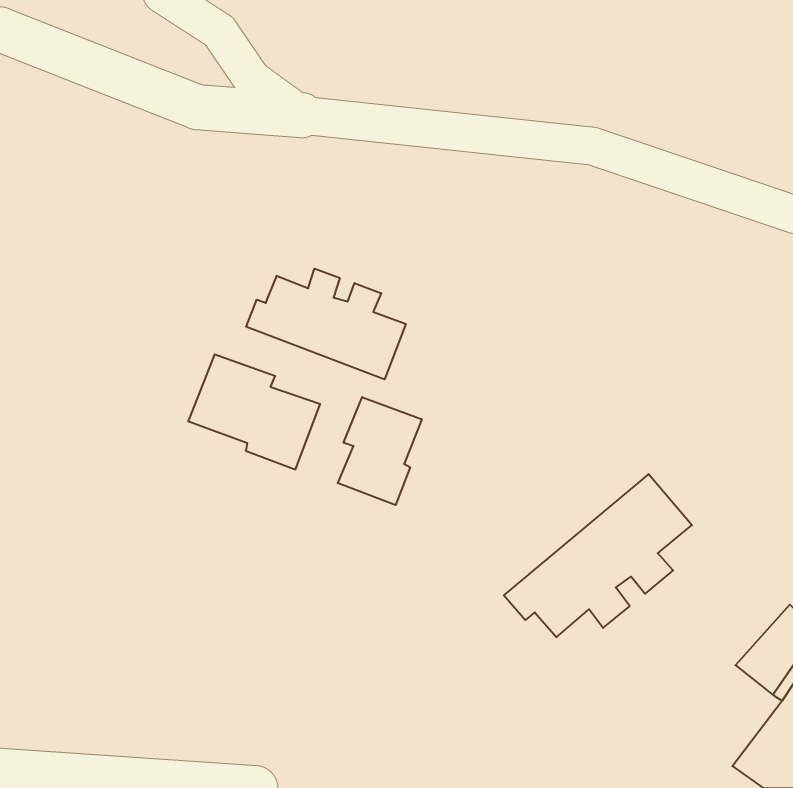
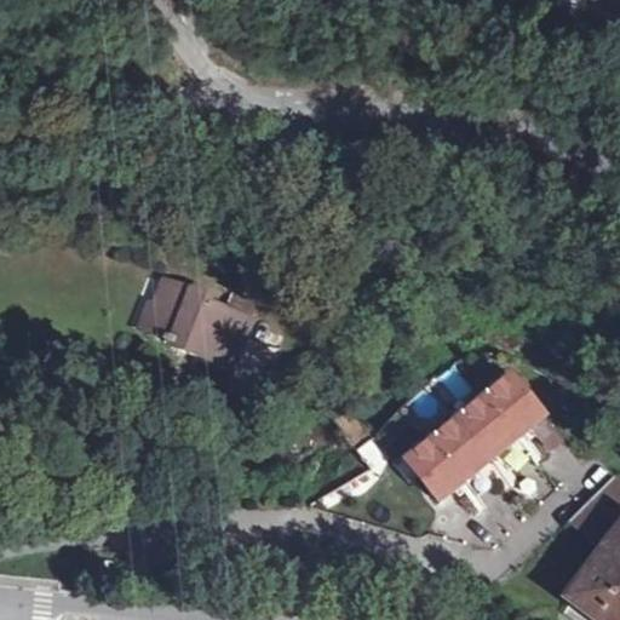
building: [246,269,406,379] -> none
building: [338,397,422,505] -> none

